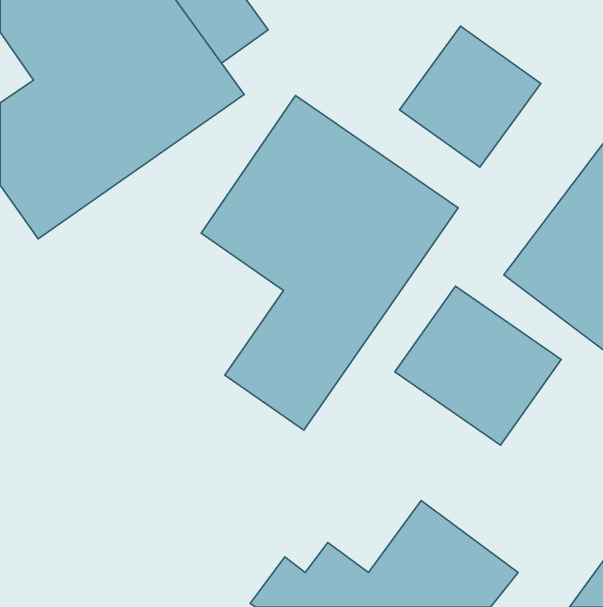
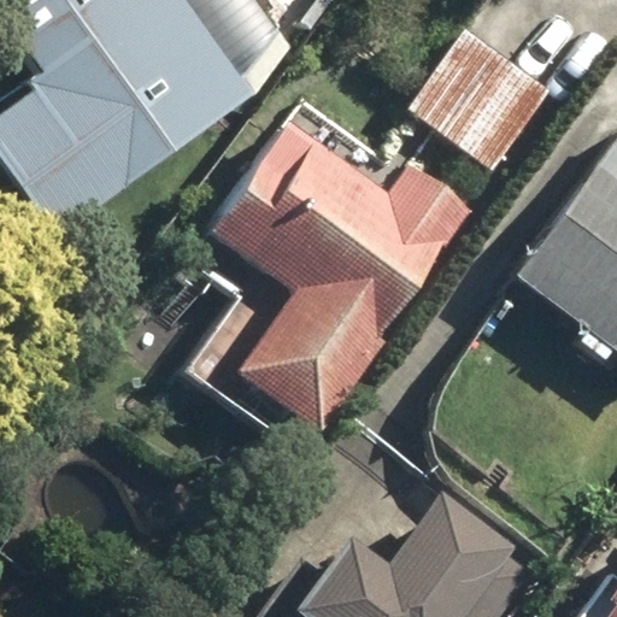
building: [395,286,561,445] -> none

